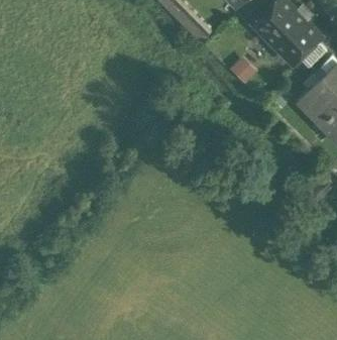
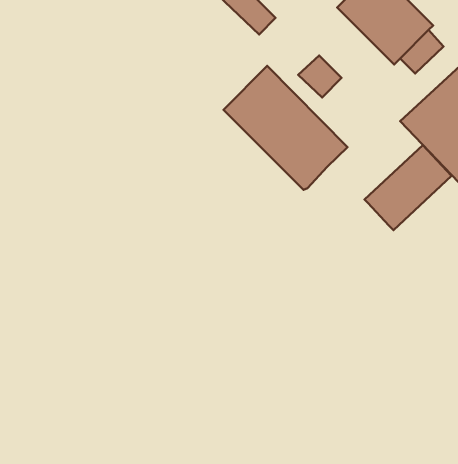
building: none -> [223,66,347,190]
building: none -> [365,145,452,230]

